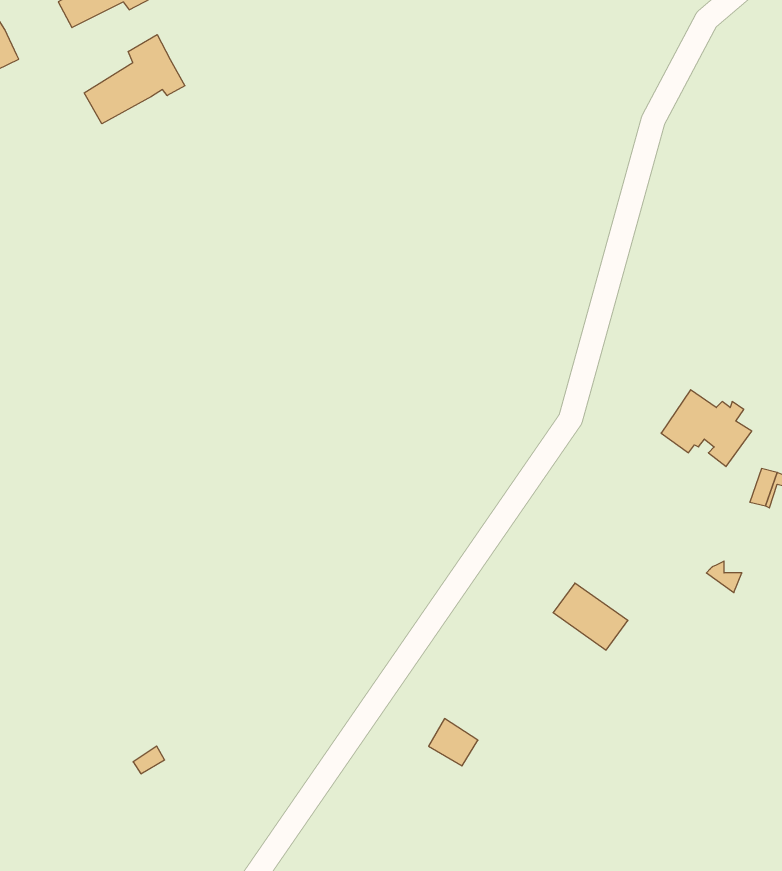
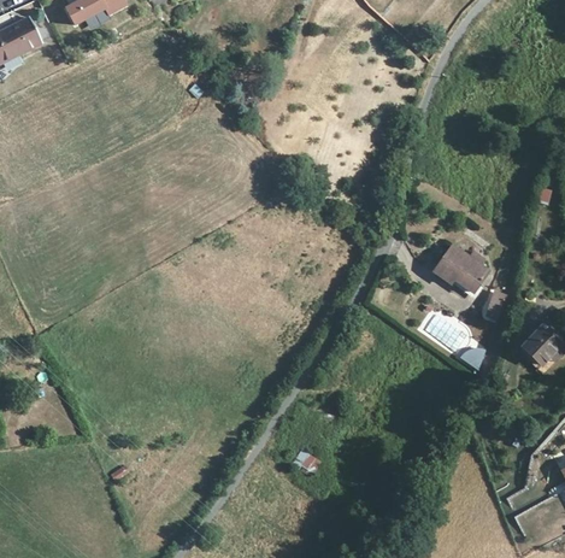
building: [84,35,185,124] -> none
building: [553,583,628,650] -> [418,309,464,350]

